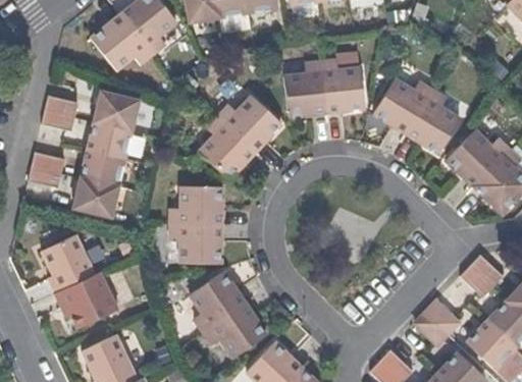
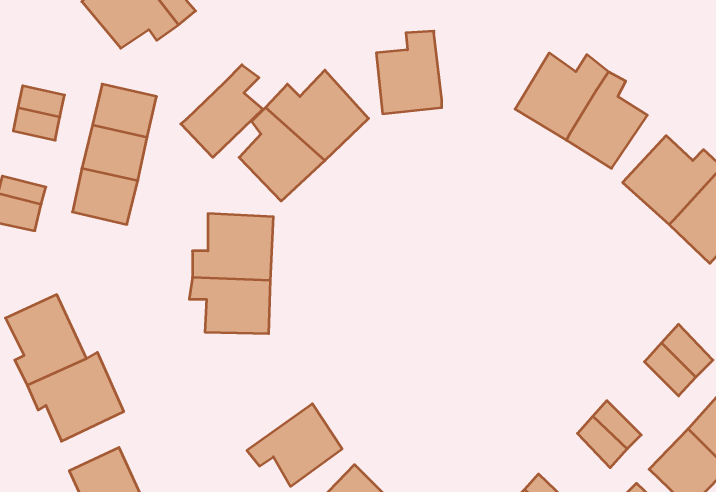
building: [322,58,366,109] -> none
building: none -> [181,65,263,157]
building: [79,177,121,216] -> none
building: [186,269,243,333] -> none

